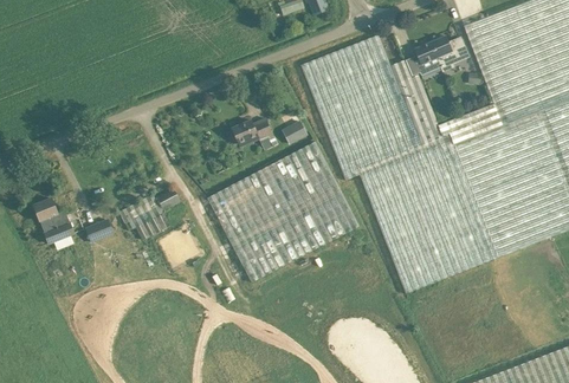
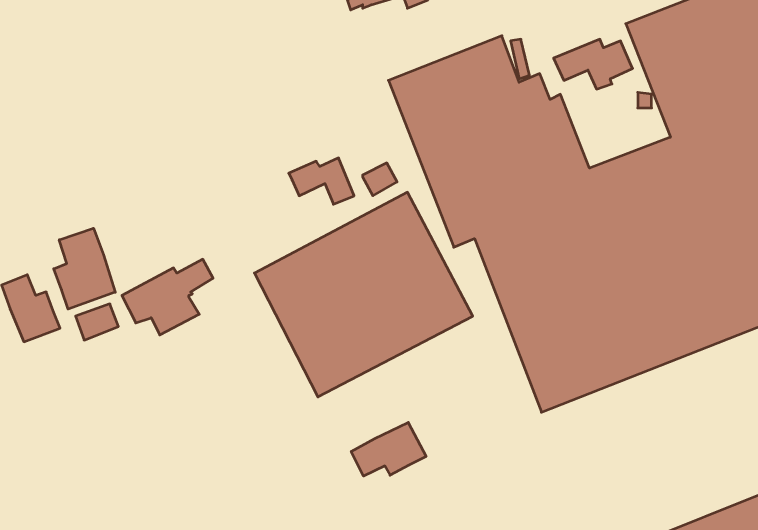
building: none -> [54,228,115,309]
building: none -> [351,422,426,476]

